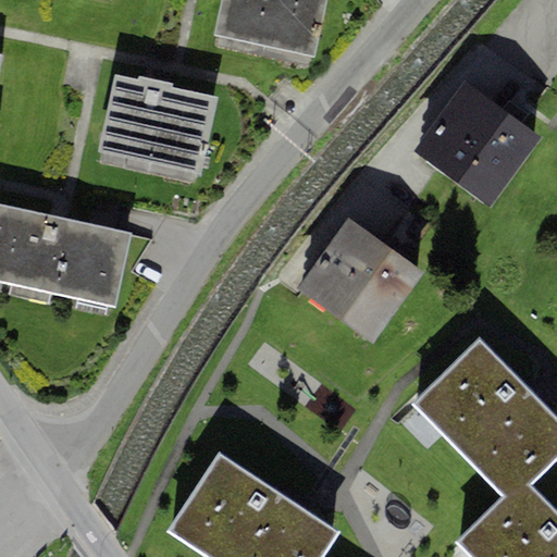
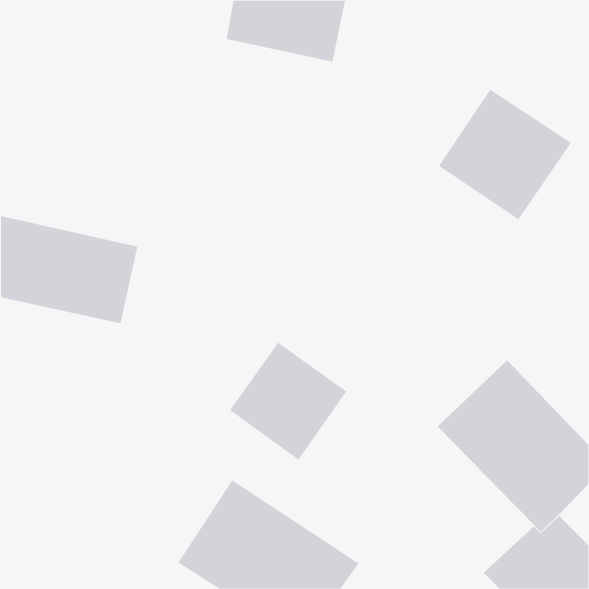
building: [98,75,220,176] -> none
building: [297,219,424,345] -> none
building: none -> [229,342,347,461]

